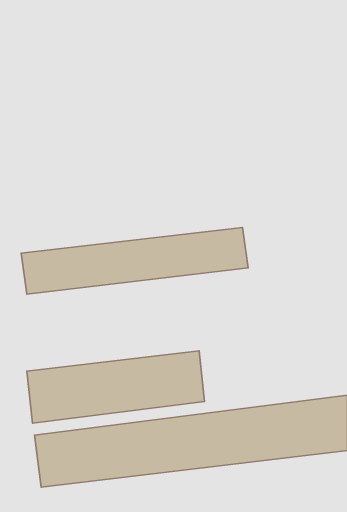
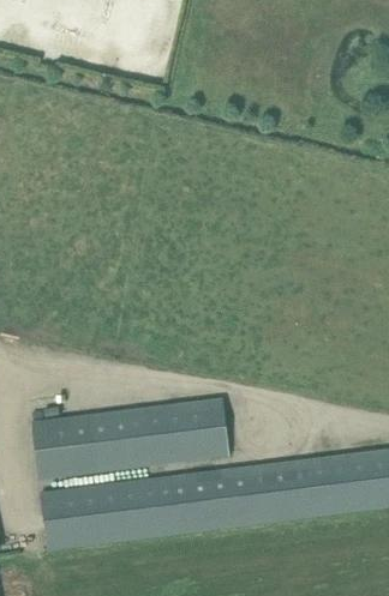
building: [21,228,248,294] -> none

